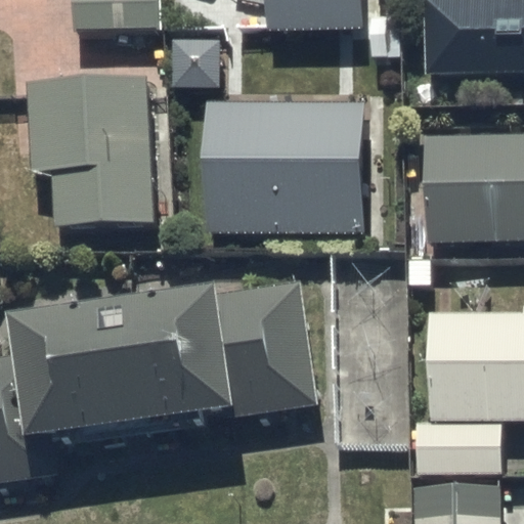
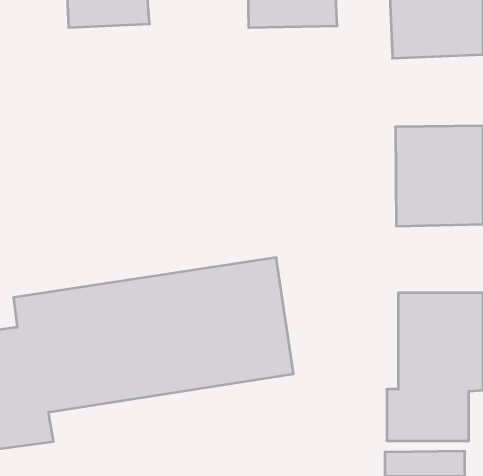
building: [28,79,151,227] -> none
building: [206,101,363,229] -> none

